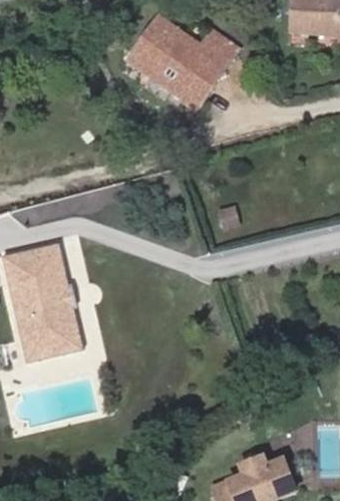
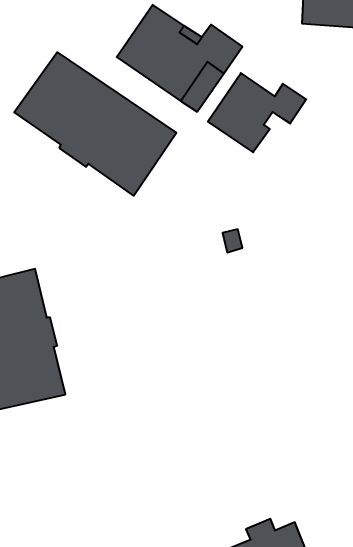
building: none -> [14,52,176,196]
building: none -> [208,73,306,152]

